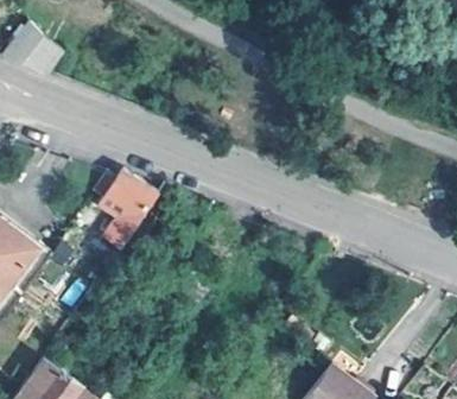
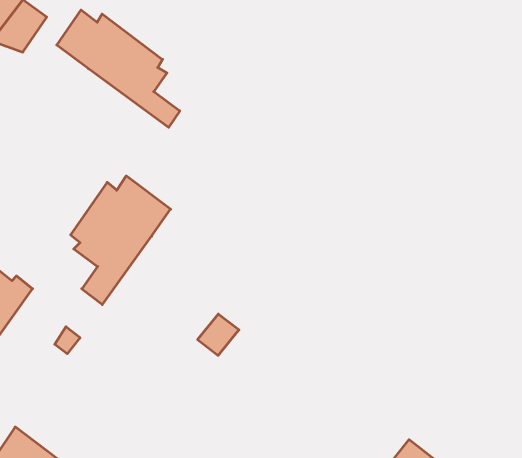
building: none -> [57,10,180,127]

